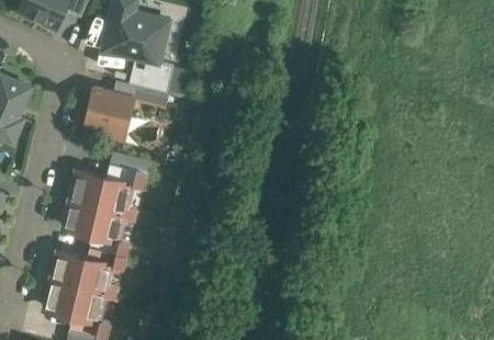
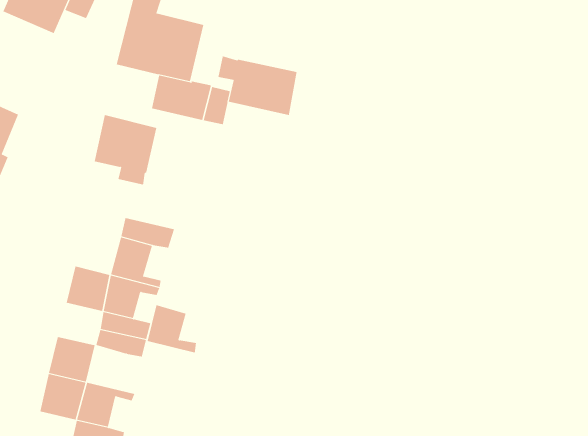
building: none -> [218,56,297,116]
building: [71,172,105,207] -> none
building: [80,260,117,296] -> [147,305,197,353]

